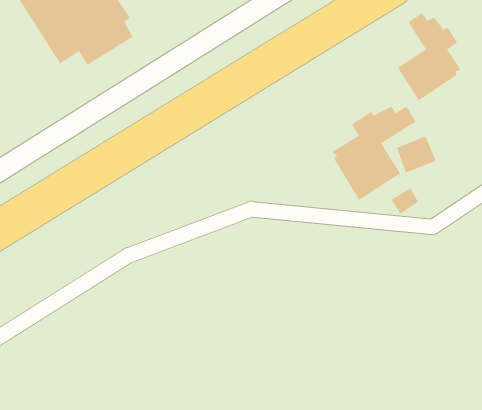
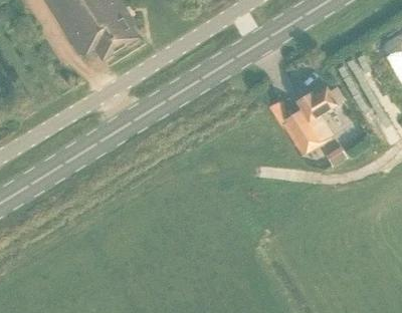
building: [397,12,462,101] -> none

